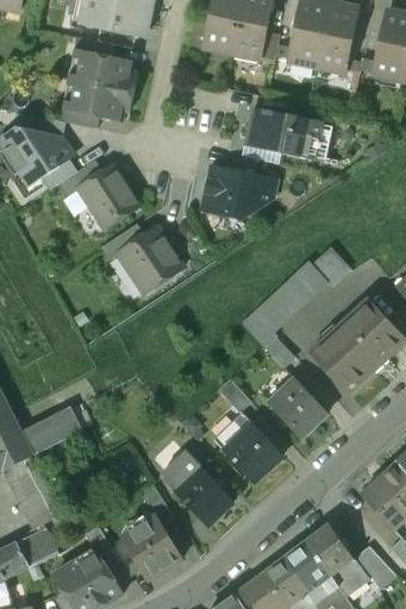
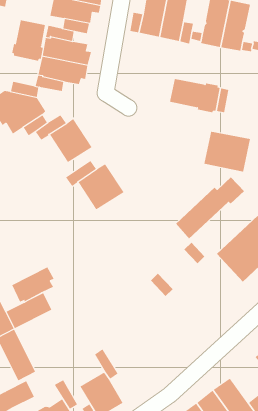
building: none -> [11,20,45,61]
building: [204,167,269,224] -> [203,131,251,172]
building: none -> [11,266,54,302]
building: [270,381,325,437] -> none
building: [214,421,281,482] -> none
building: [162,451,232,526] -> none

